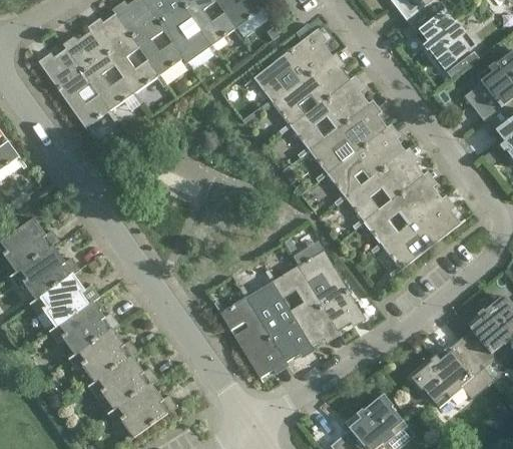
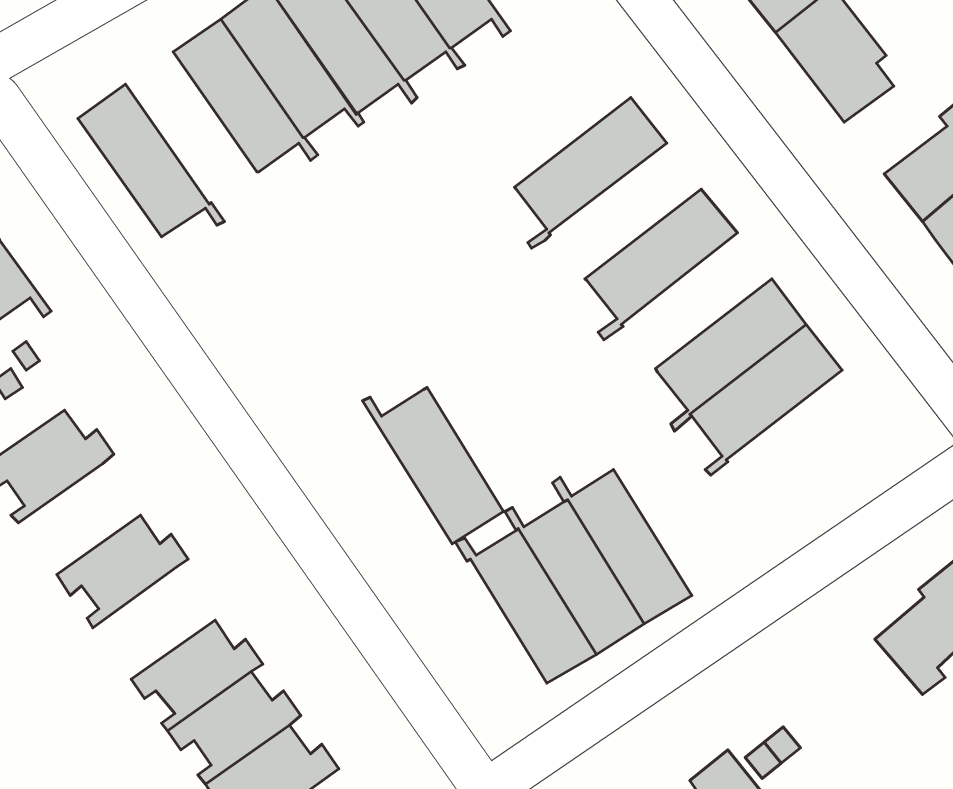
building: [66,30,142,110] -> none
building: [252,30,332,109] -> none
building: [289,78,369,157] -> none
building: [327,125,406,205] -> none
building: [382,197,462,277] -> none
building: [10,247,80,305] -> none
building: [213,297,288,379] -> [362,388,504,544]
building: [49,301,118,360] -> none
building: [414,339,491,402] -> none

